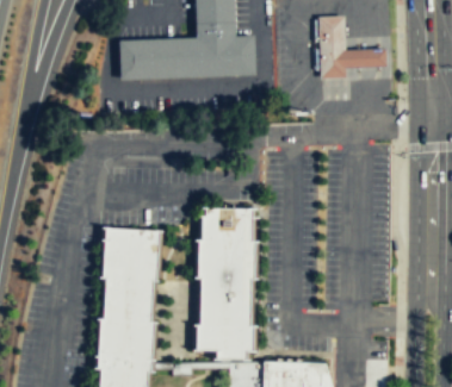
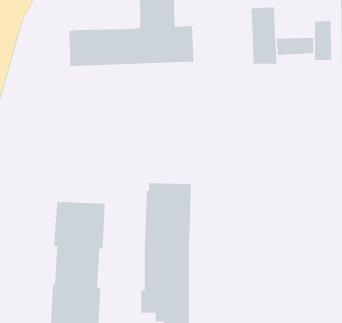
building: none -> [314,20,332,61]

